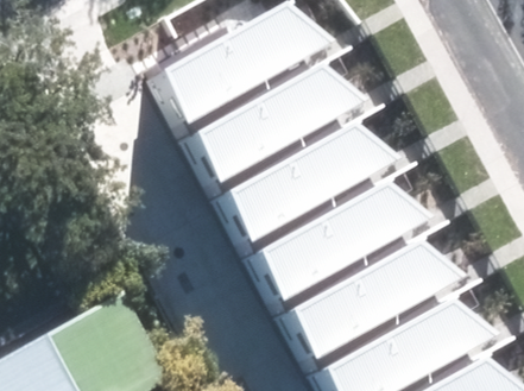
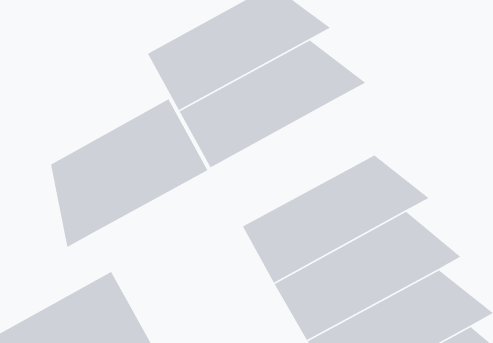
building: [216,120,405,251] -> none
building: none -> [50,98,208,248]

